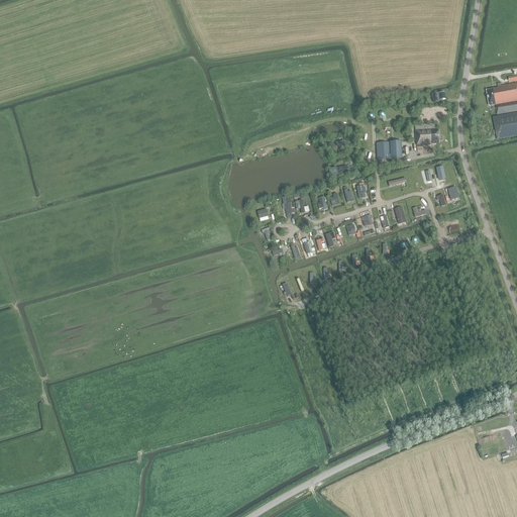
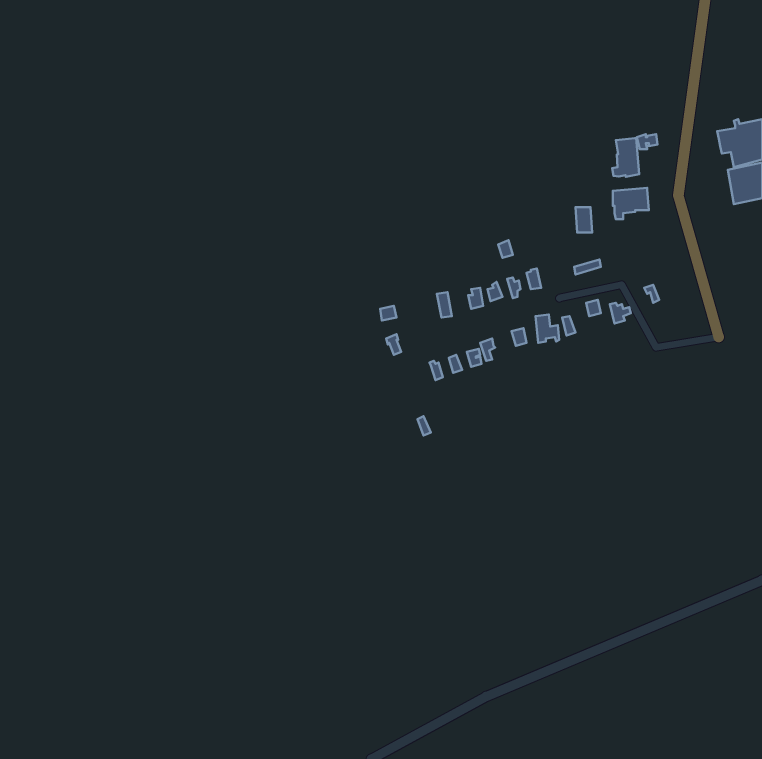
building: none -> [612,138,639,177]

